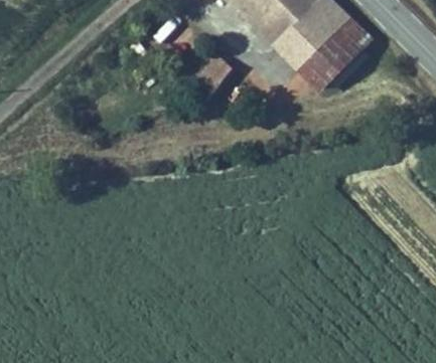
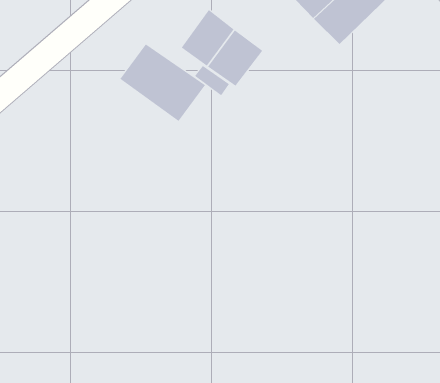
building: none -> [120,44,206,122]

